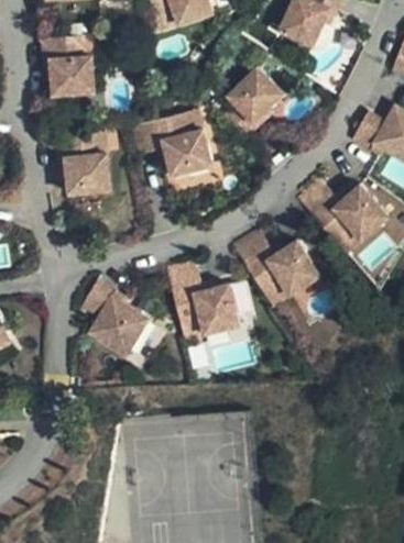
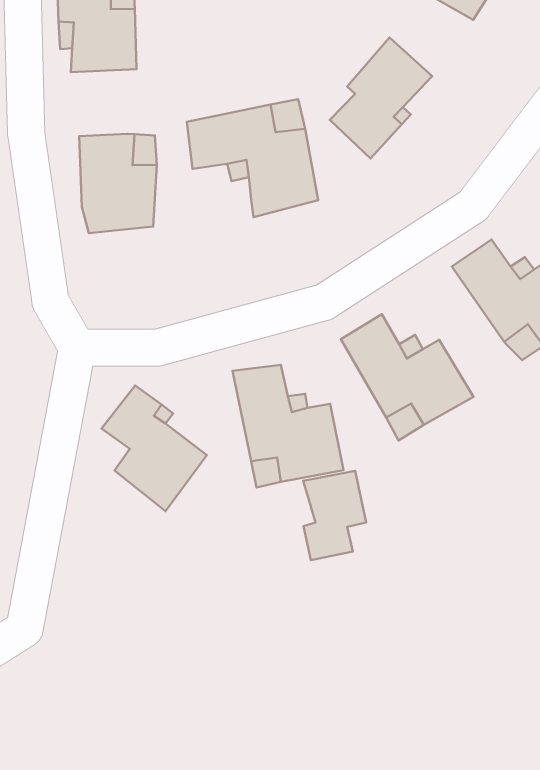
building: none -> [303,471,366,560]

